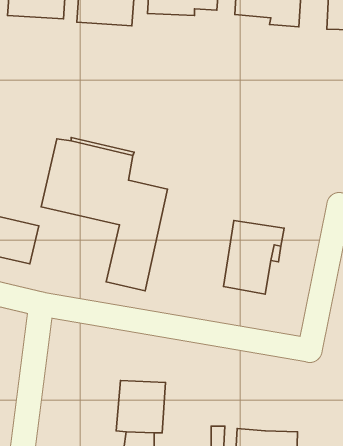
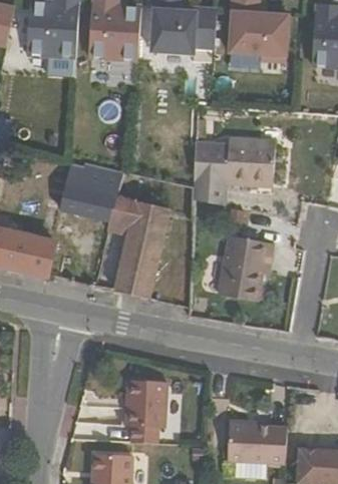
building: none -> [193,138,276,205]

